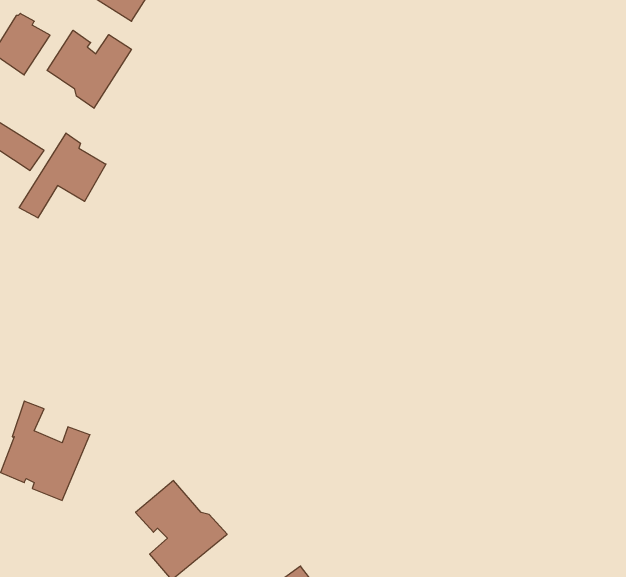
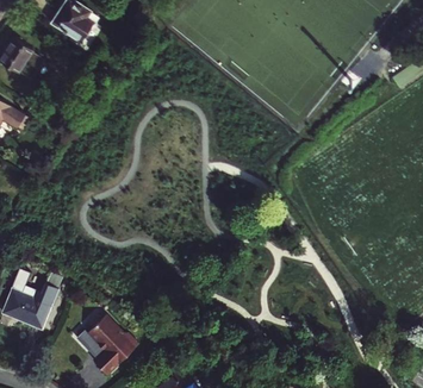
building: [47,30,131,108] -> none
building: [19,133,106,218] -> none

